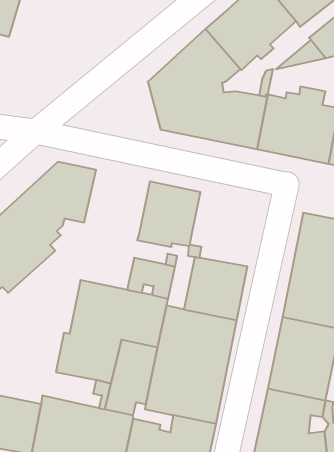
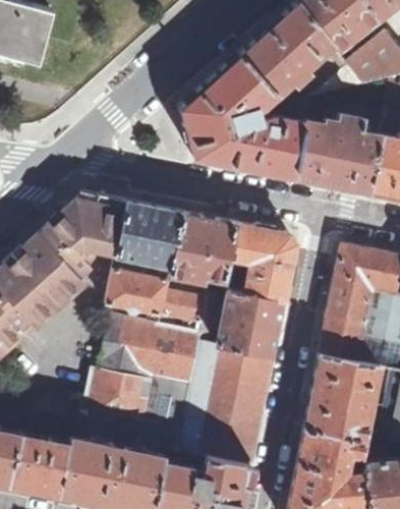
building: none -> [114,201,182,267]
building: none -> [226,224,296,301]
building: none -> [105,271,168,316]

